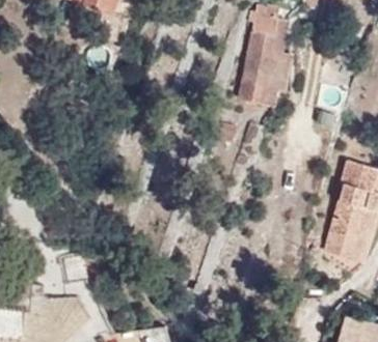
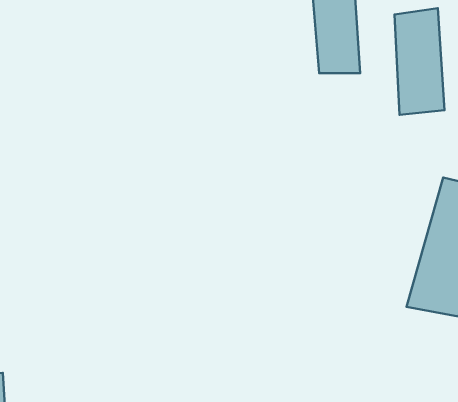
building: none -> [394,8,444,115]

